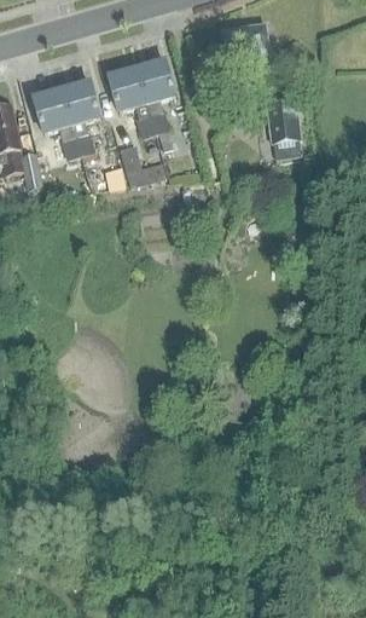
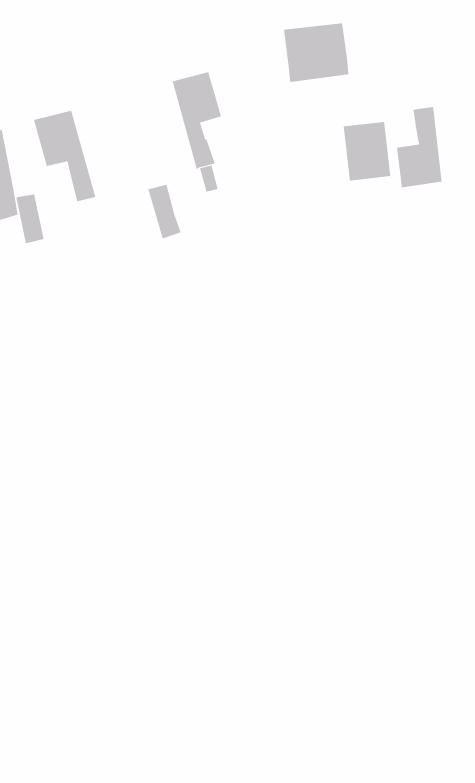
building: [109,69,156,139] -> none
building: [63,82,100,156] -> none
building: none -> [396,106,442,188]

